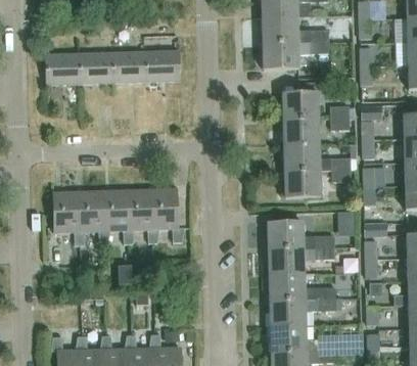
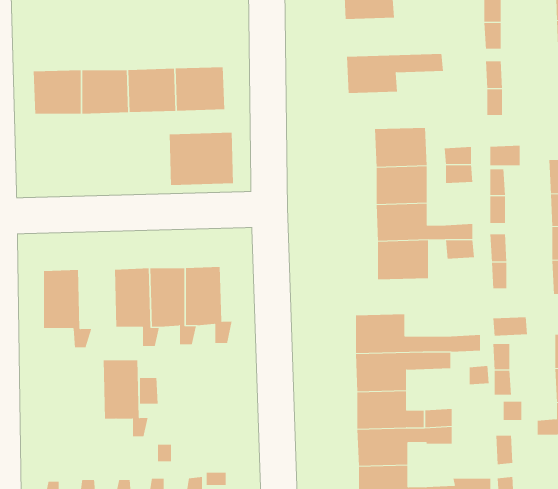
building: [262,16,329,43] -> none
building: none -> [169,132,234,186]
building: [78,190,109,243] -> [103,360,149,437]

